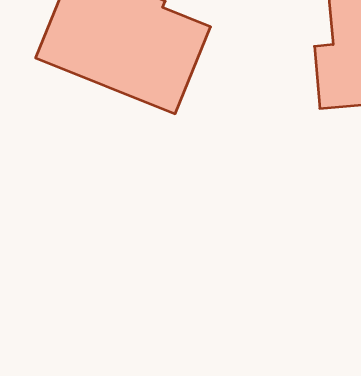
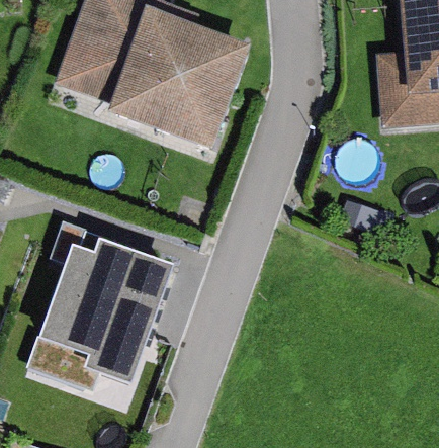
building: none -> [35,249,172,395]

